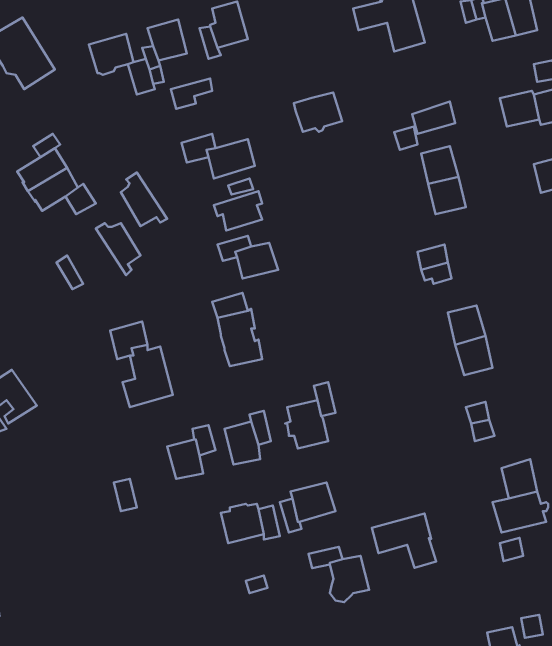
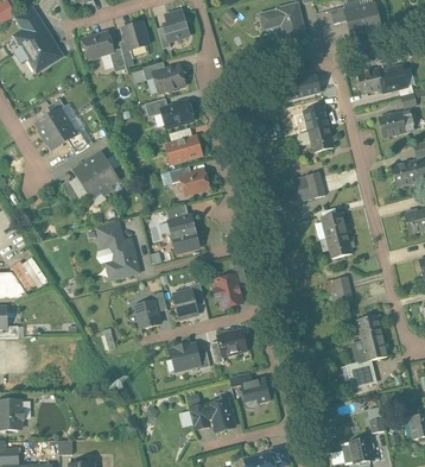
building: [294,93,342,132] -> [153,65,185,91]
building: [121,172,167,226] -> [77,160,108,196]
building: [372,513,436,568] -> none
building: none -> [191,398,234,430]

